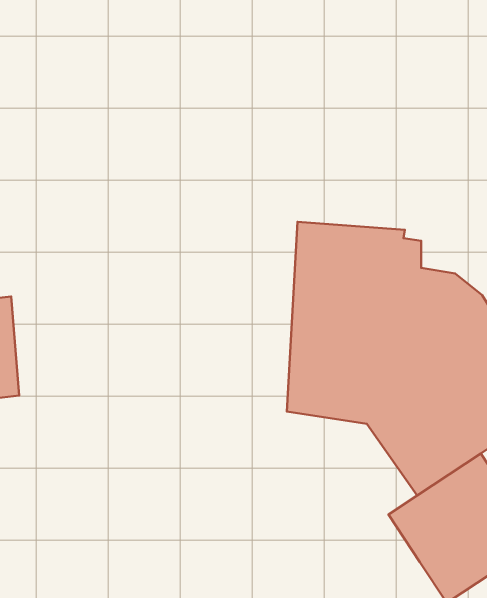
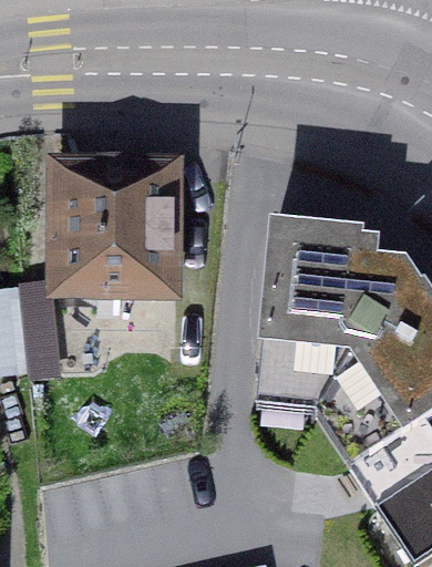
building: none -> [58,161,171,284]

